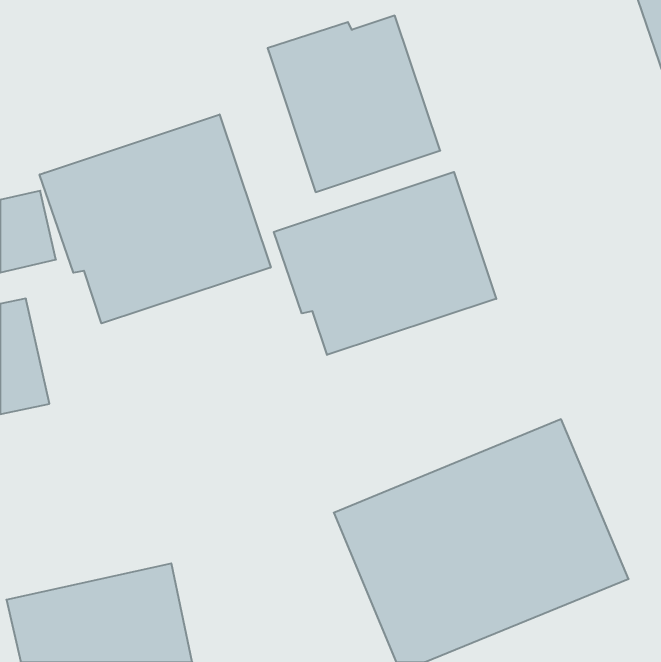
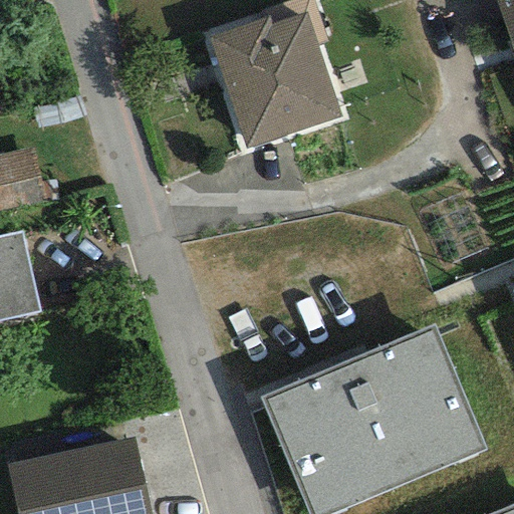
building: [40,114,271,323] -> none
building: [274,172,496,355] -> none

